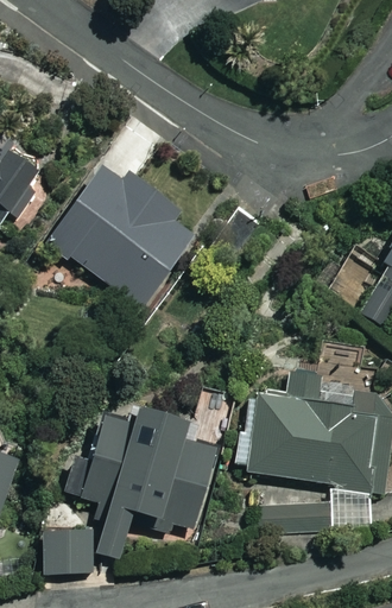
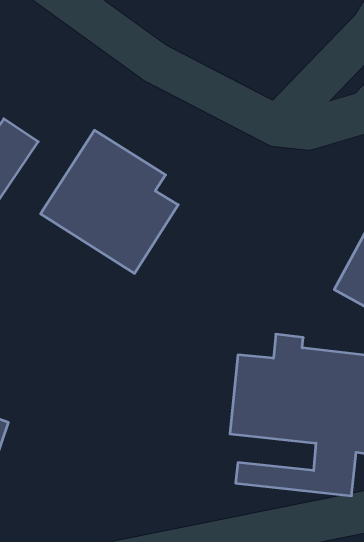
building: [65,406,221,557] -> none
building: [44,526,91,572] -> none

